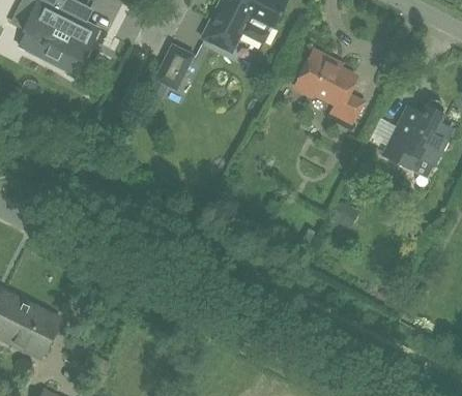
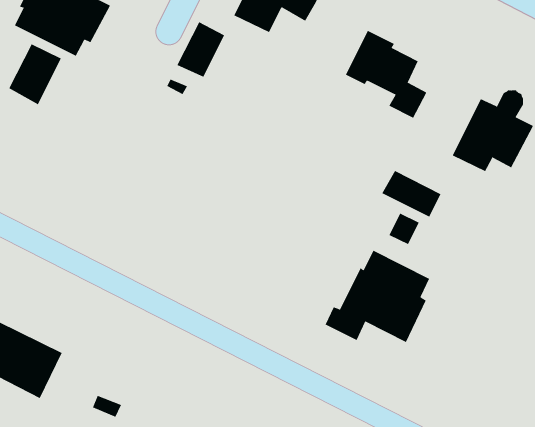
building: none -> [8,44,61,105]
building: none -> [382,170,441,217]
building: none -> [325,250,430,343]

